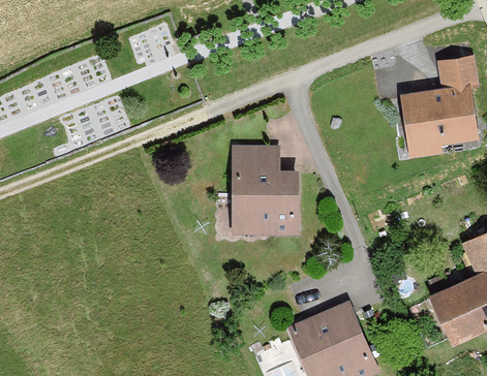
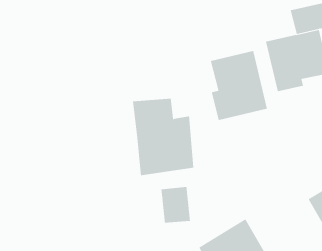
building: none -> [210,50,268,121]
building: none -> [161,186,190,223]

